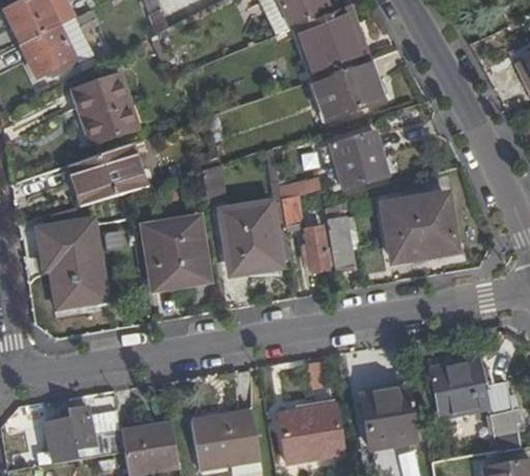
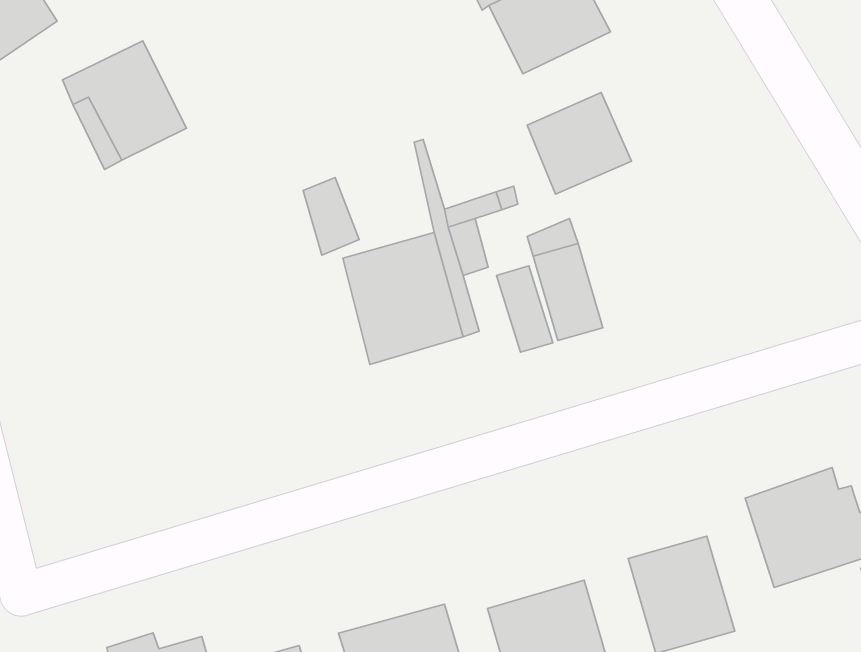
building: [66,142,148,205] -> none
building: [381,195,458,261] -> none
building: [141,215,210,288] -> none
building: [36,218,107,306] -> none

